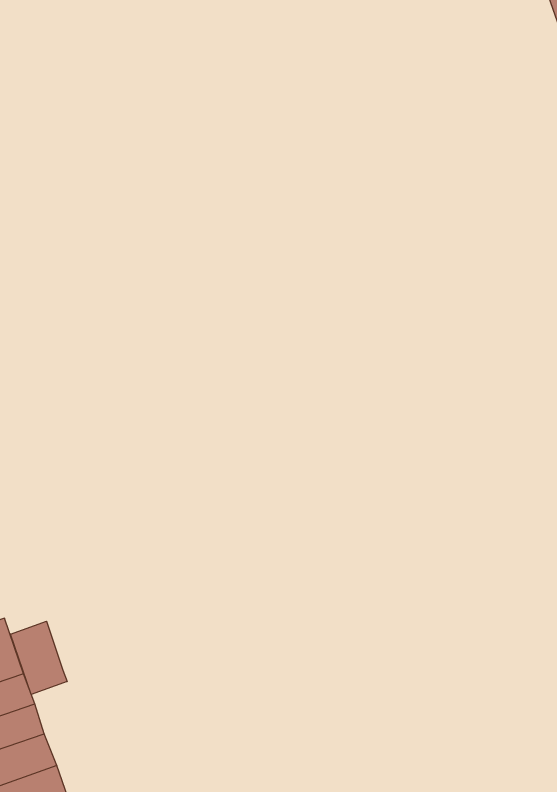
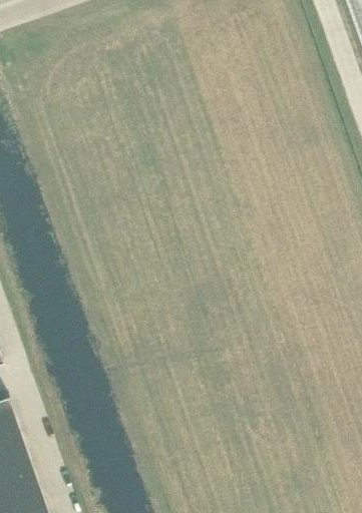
building: [11,621,67,694] -> none

